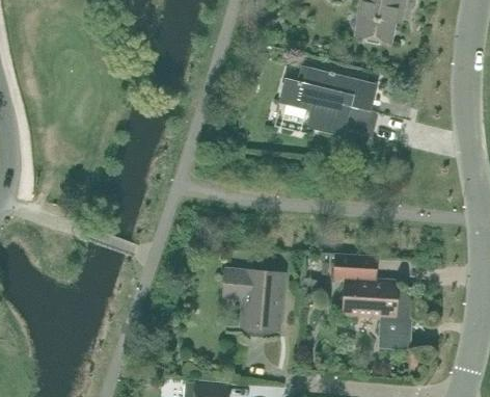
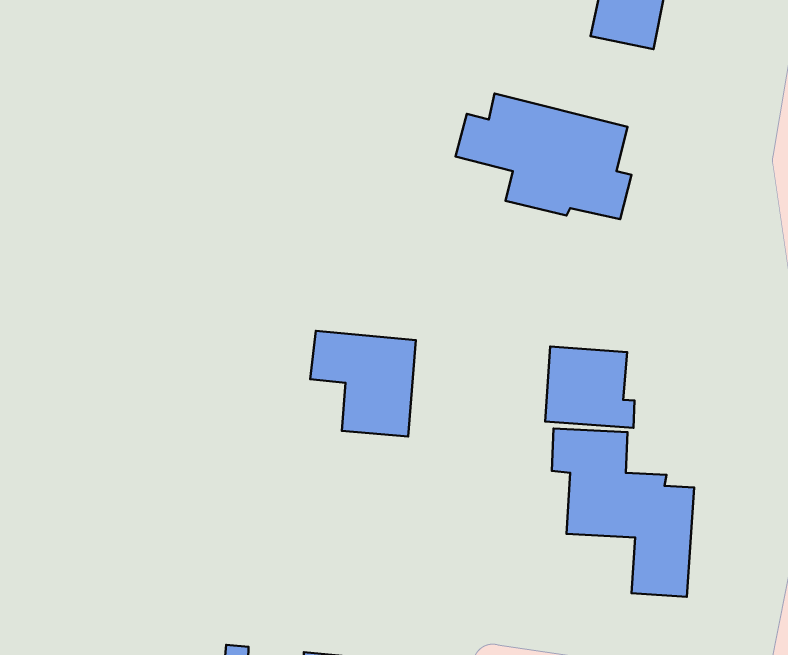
building: none -> [545,347,634,428]
building: [223,269,282,328] -> [310,331,416,436]

